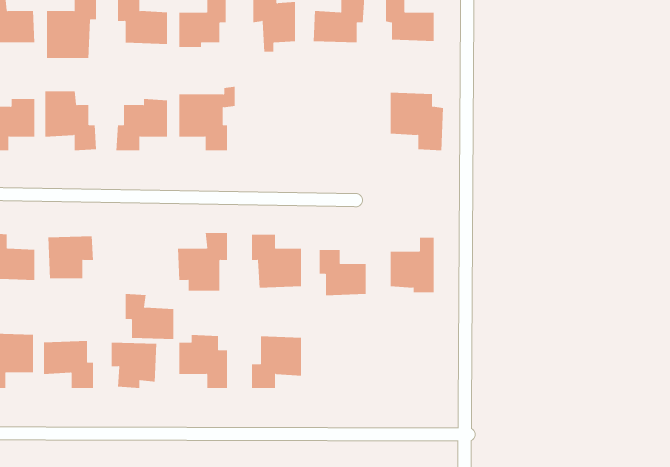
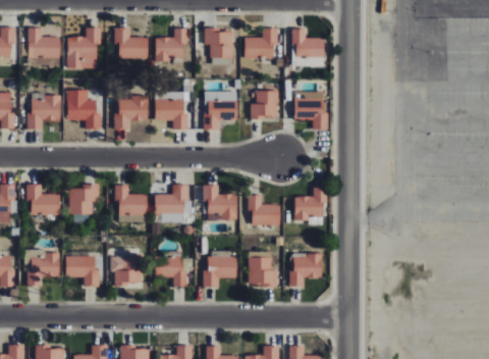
building: none -> [250,90,276,119]
building: none -> [204,91,237,130]
building: [125,293,174,340] -> [114,185,147,215]
building: none -> [248,253,277,286]
building: none -> [289,255,322,287]

